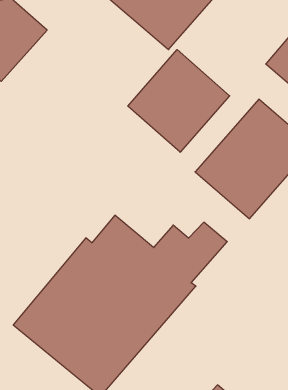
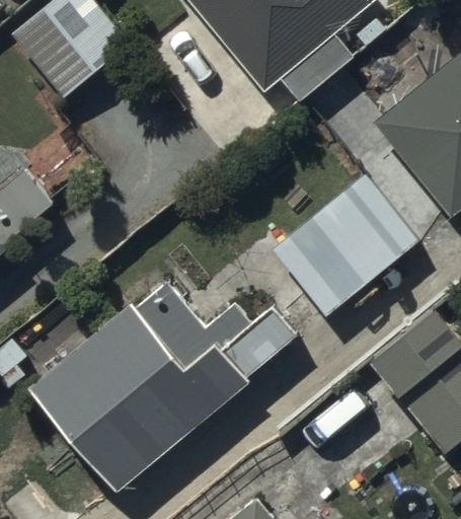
building: [128,50,230,152] -> none

